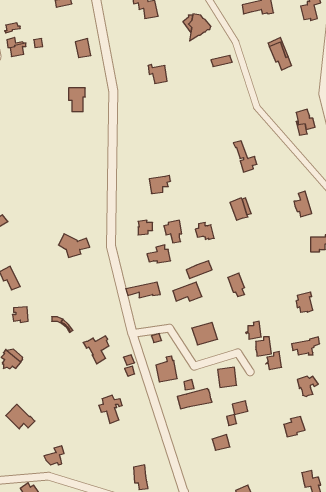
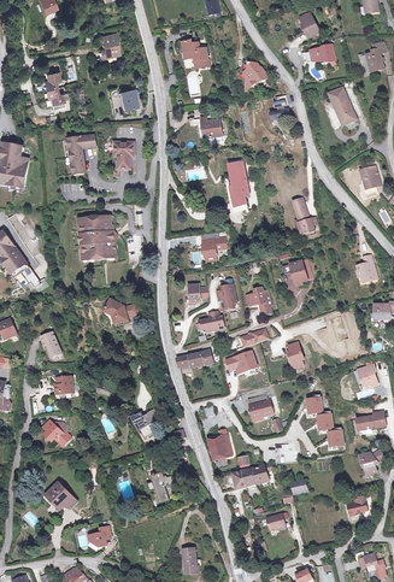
building: none -> [67,135,96,175]
building: none -> [229,161,249,201]
building: none -> [80,217,114,259]

